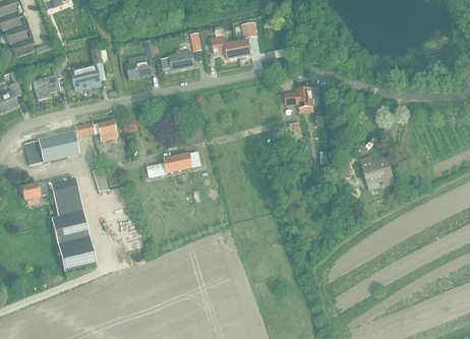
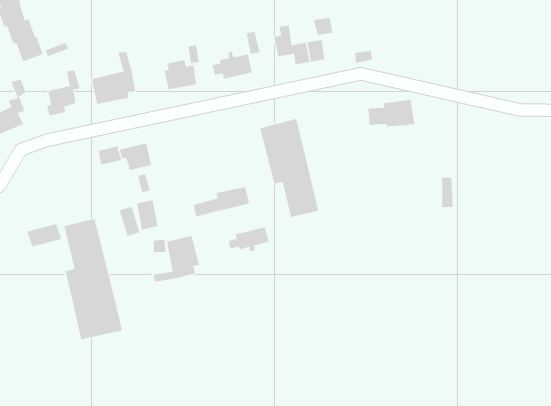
building: none -> [259,118,319,218]
building: [23,130,80,163] -> none
building: [360,156,394,188] -> none
building: none -> [228,226,269,252]
building: none -> [153,235,199,283]

